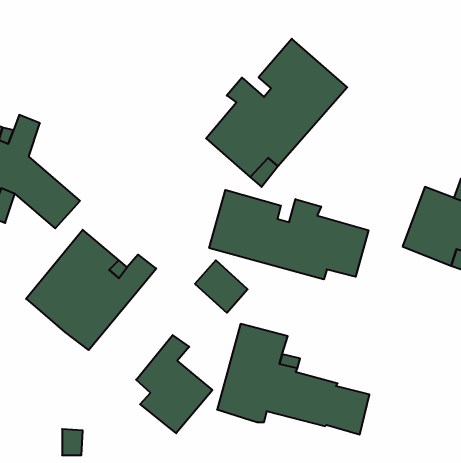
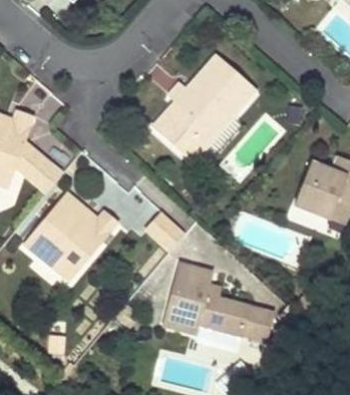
building: [209,190,368,279] -> none
building: [136,335,212,433] -> none

